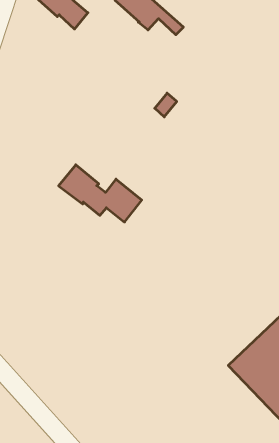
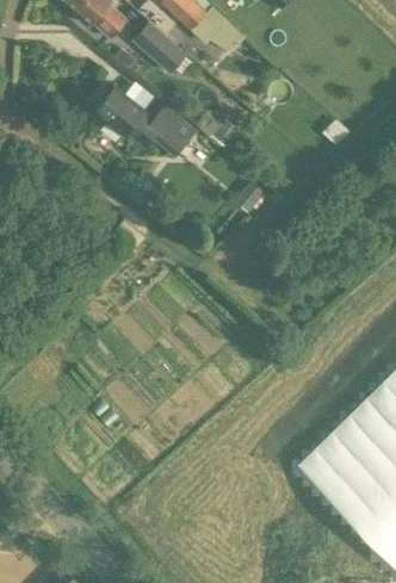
building: none -> [130,21,184,73]
building: [59,165,142,222] -> [92,86,196,157]

